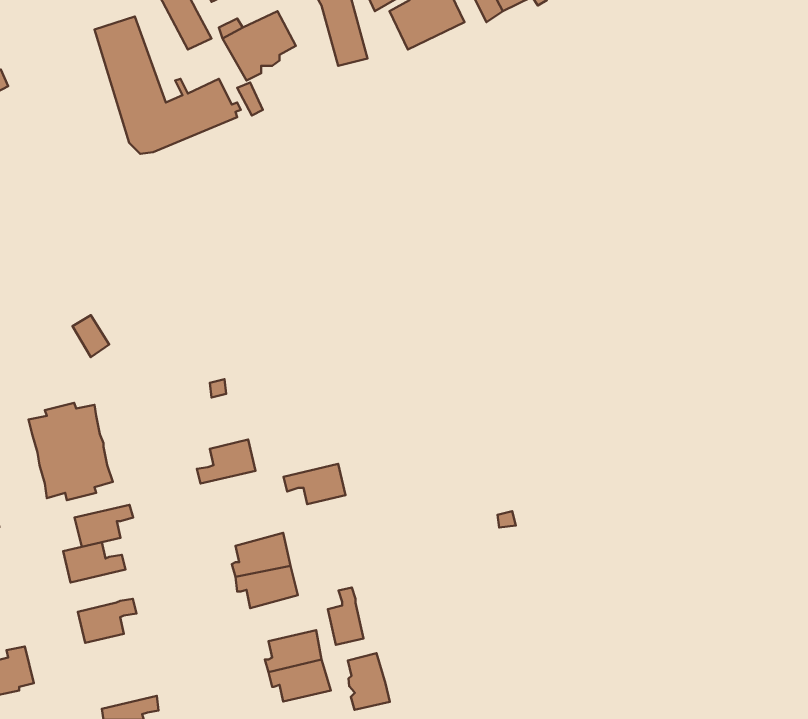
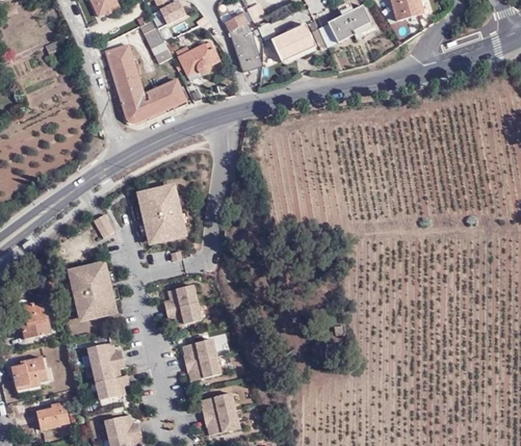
building: none -> [137,185,184,241]
building: [283,464,346,504] -> [165,301,201,324]
building: [75,505,133,547] -> [92,358,125,382]
building: [328,588,364,645] -> none
building: [348,653,390,710] -> none
building: none -> [105,414,140,437]

